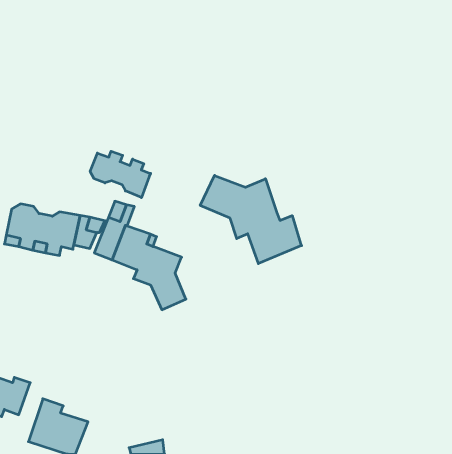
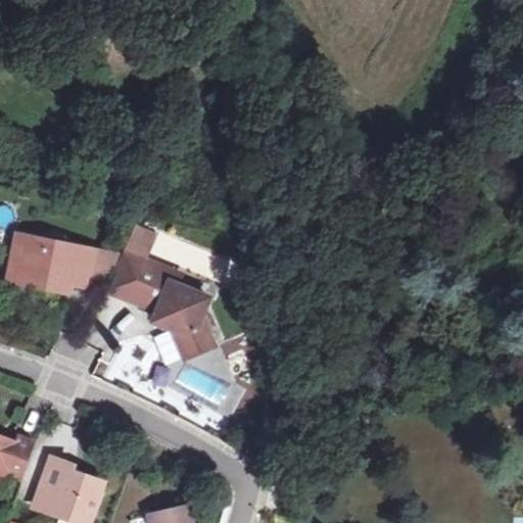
building: [90,151,151,198] -> none
building: [200,175,302,264] -> none

